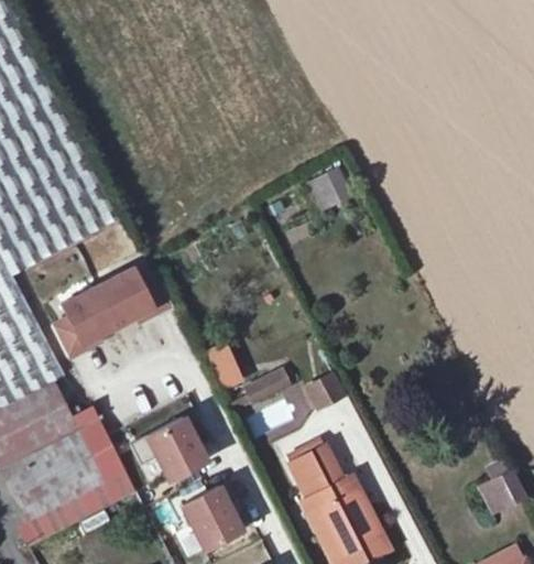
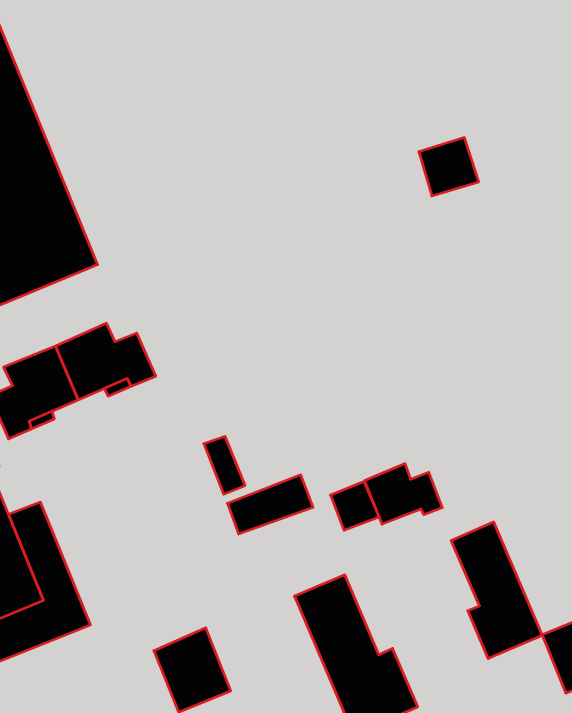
building: [308,165,355,210] -> [419,138,479,196]
building: none -> [365,464,442,524]
building: none -> [451,522,542,659]
building: [149,417,208,481] -> none

